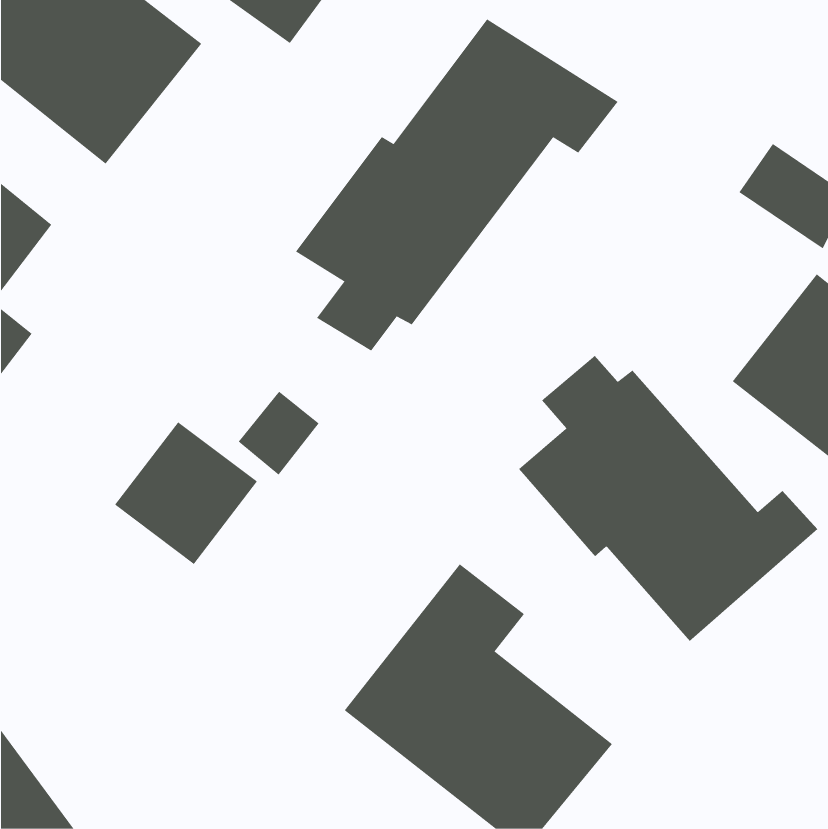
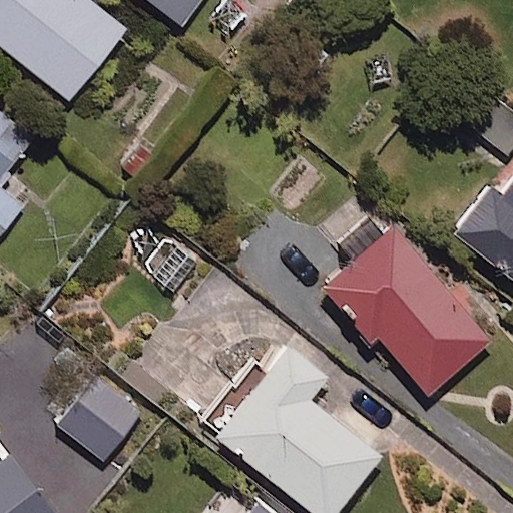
building: [295,19,619,352] -> none
building: [114,421,258,565] -> [56,373,144,461]

